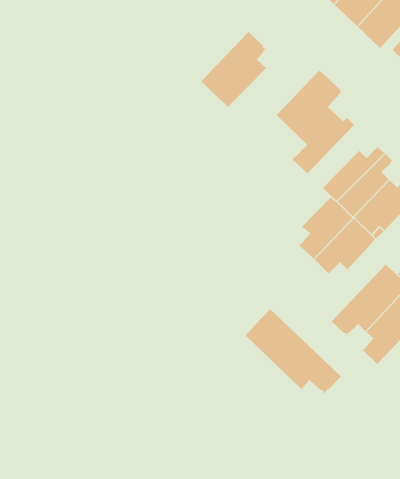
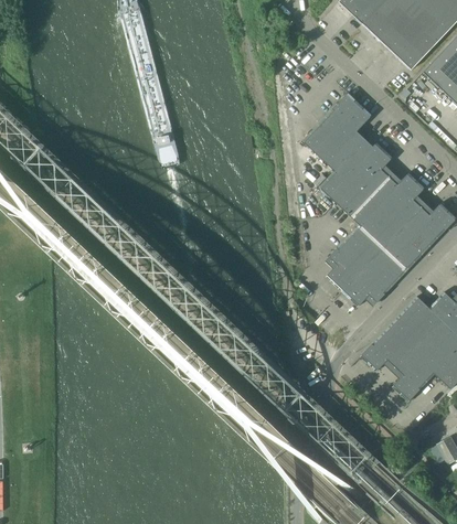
building: [200,31,267,108] -> none
building: none -> [336,150,393,216]
building: [245,309,342,394] -> none

